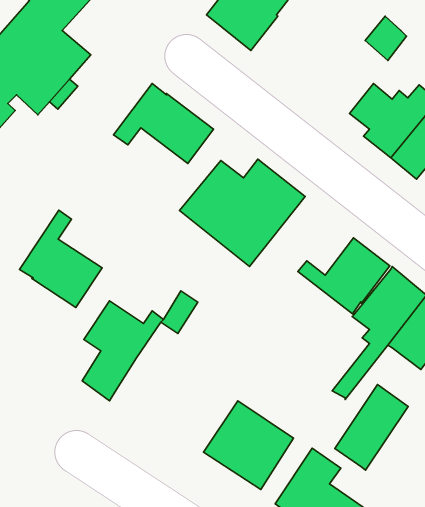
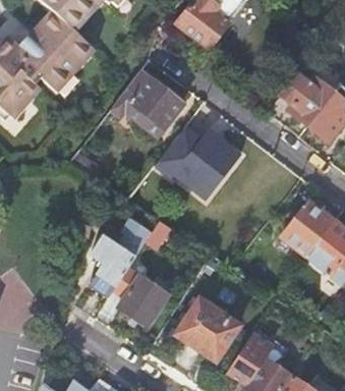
building: [19,210,102,307] -> none
building: [298,238,390,314] -> none
building: none -> [112,267,166,326]
building: [335,385,408,470] -> none

